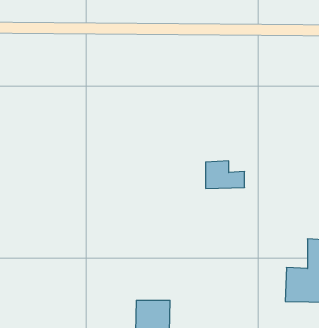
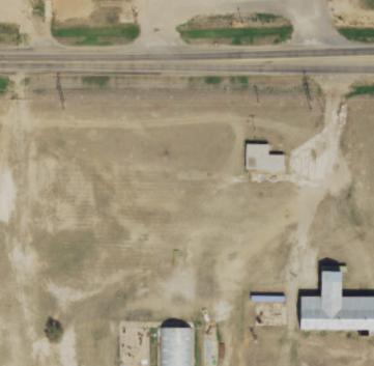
building: [206,161,245,188] -> [246,143,284,170]

